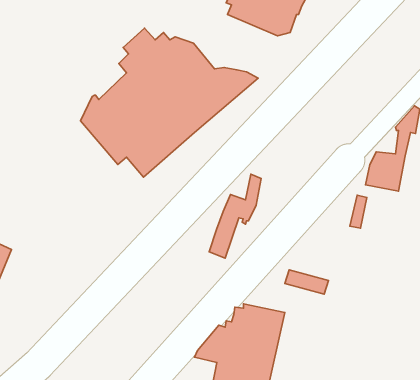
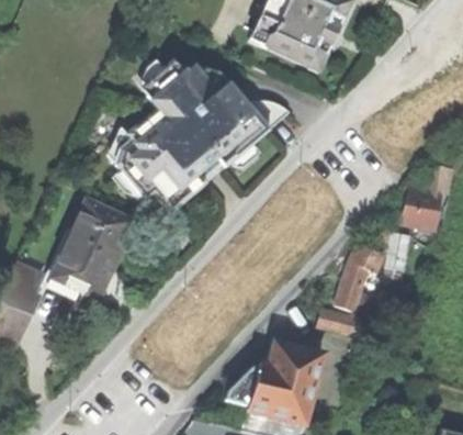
building: none -> [50,204,129,300]
building: [209,174,261,258] -> [337,224,391,311]

